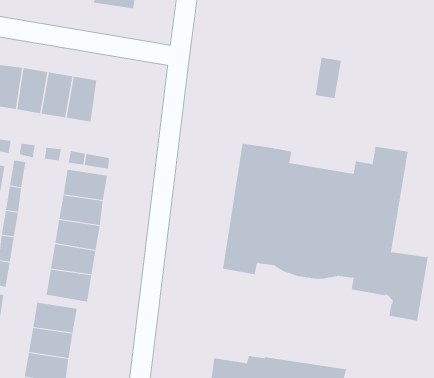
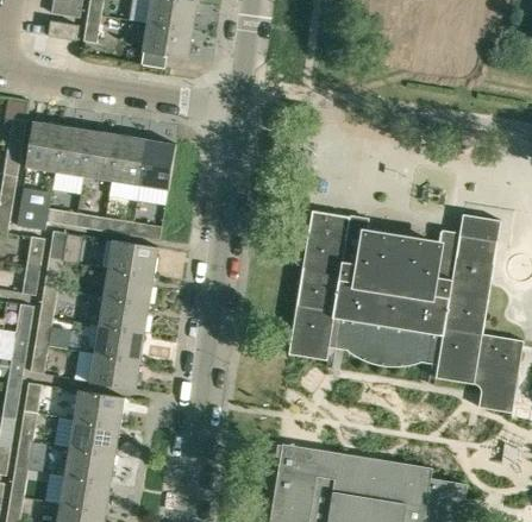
building: [315,57,342,99] -> none
building: none -> [139,139,176,191]

